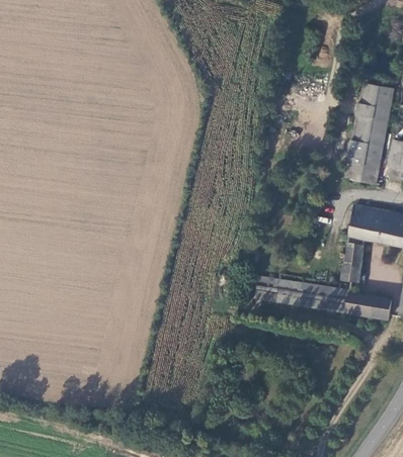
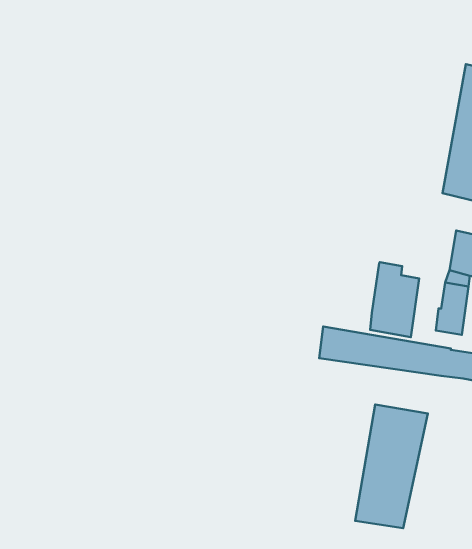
building: none -> [370,262,419,337]
building: none -> [355,405,428,528]

